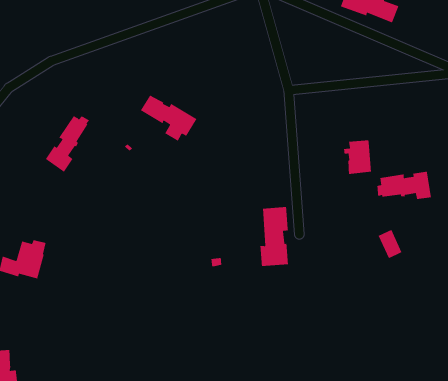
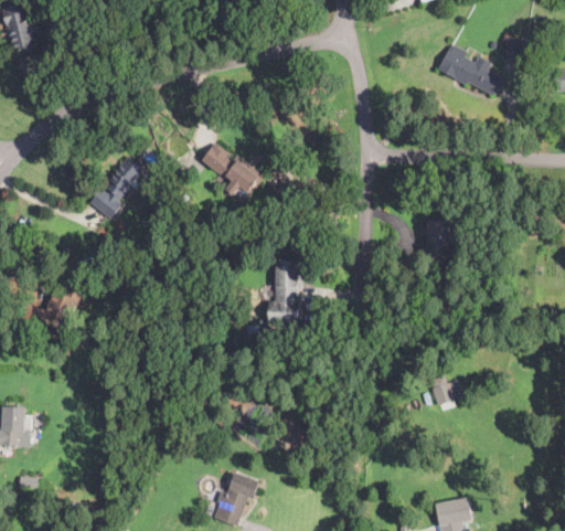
building: [377,171,432,200] -> none
building: [260,206,289,267] -> [267,259,303,326]
building: [378,229,403,259] -> [430,378,456,411]

